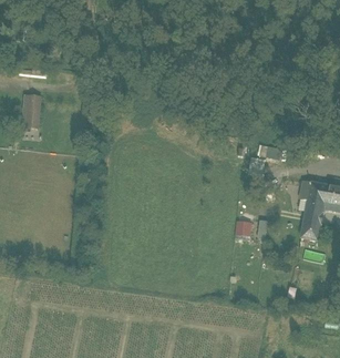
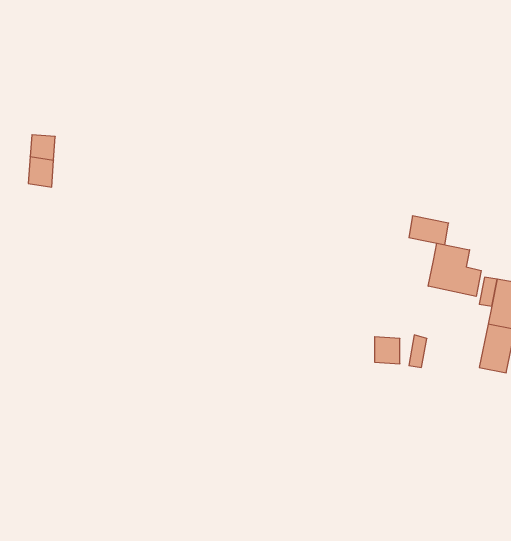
building: none -> [428,243,481,296]

